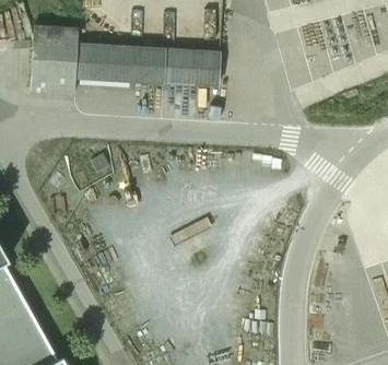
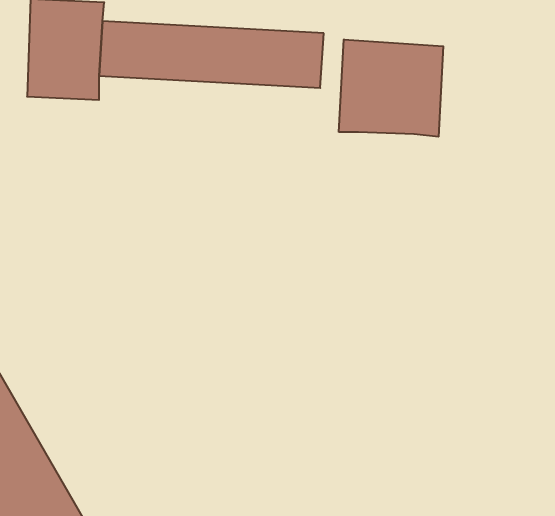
building: none -> [339,39,443,137]

